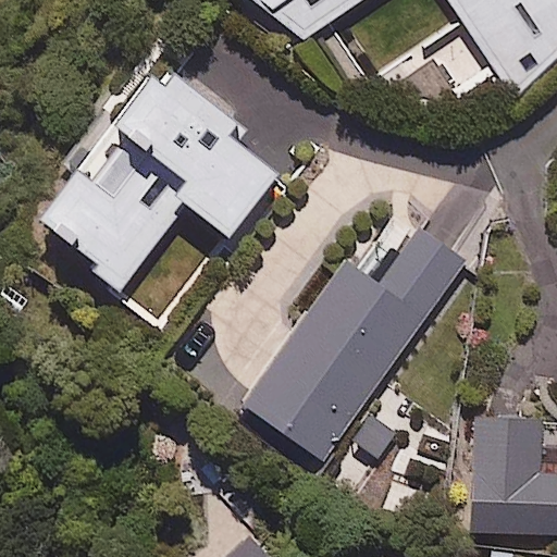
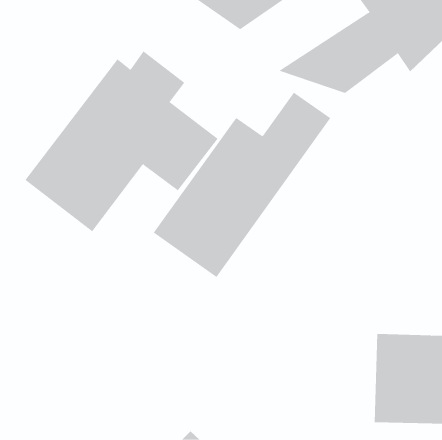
building: [244,227,466,459] -> [153,92,331,278]

